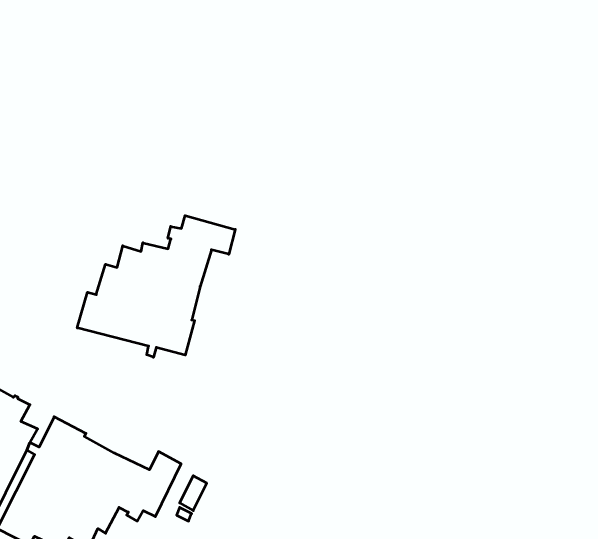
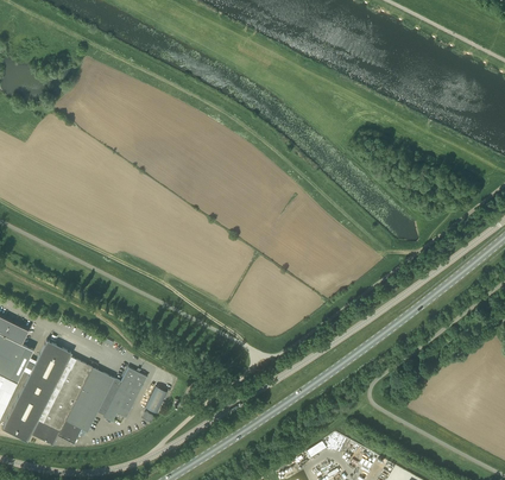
building: [77,216,235,357] -> none

